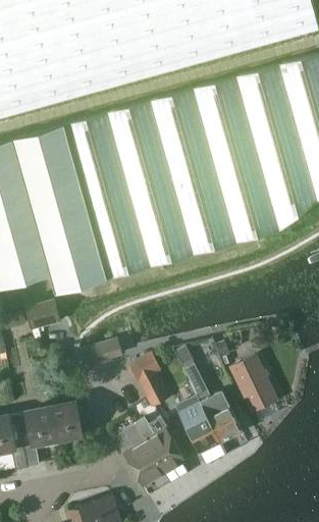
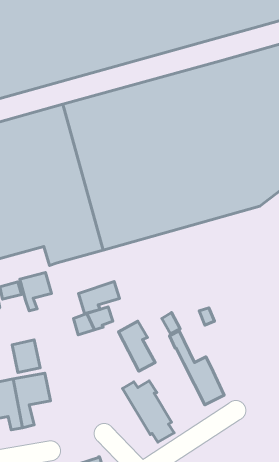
building: none -> [79,282,120,313]
building: [229,355,279,420] -> none
building: [177,398,226,463] -> none
building: [51,403,81,437] -> [12,340,40,373]
building: [124,424,163,484] -> none

